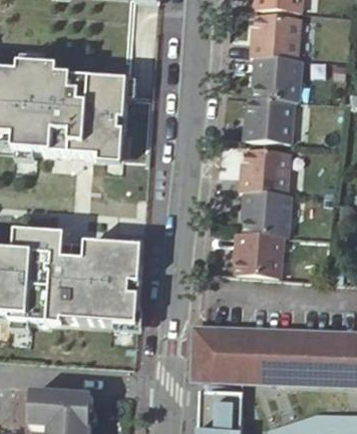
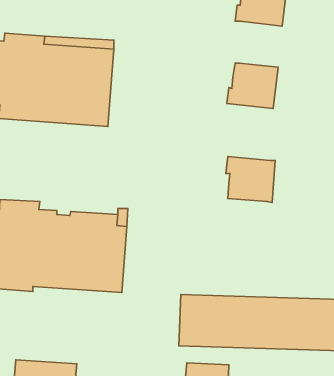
building: [253,51,302,97] -> none
building: [239,144,289,190] -> none
building: [234,229,282,275] -> none

